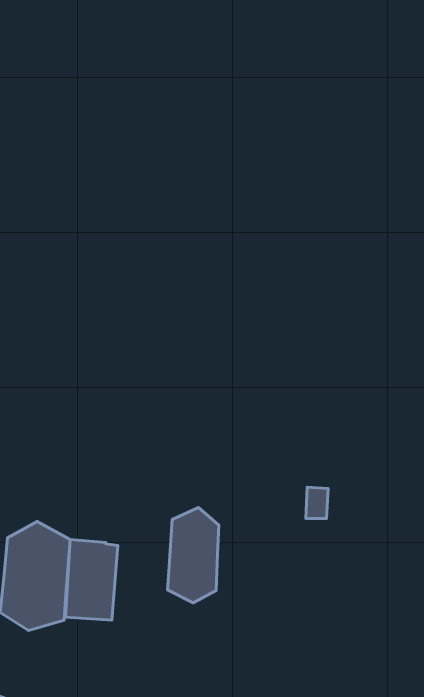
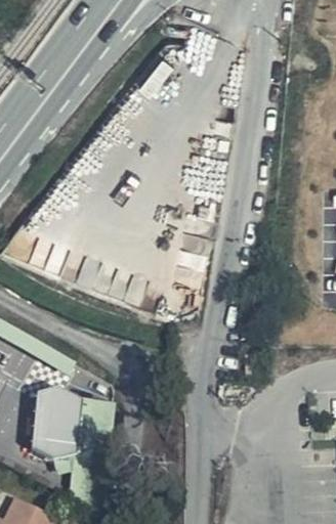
building: [168,508,219,603] -> none

